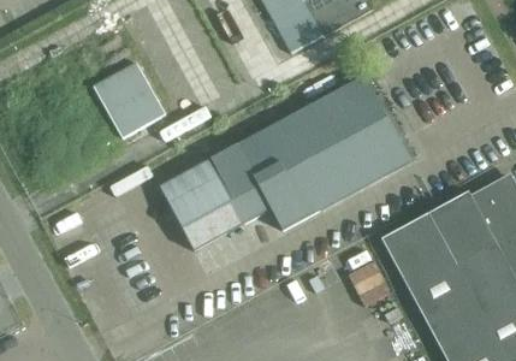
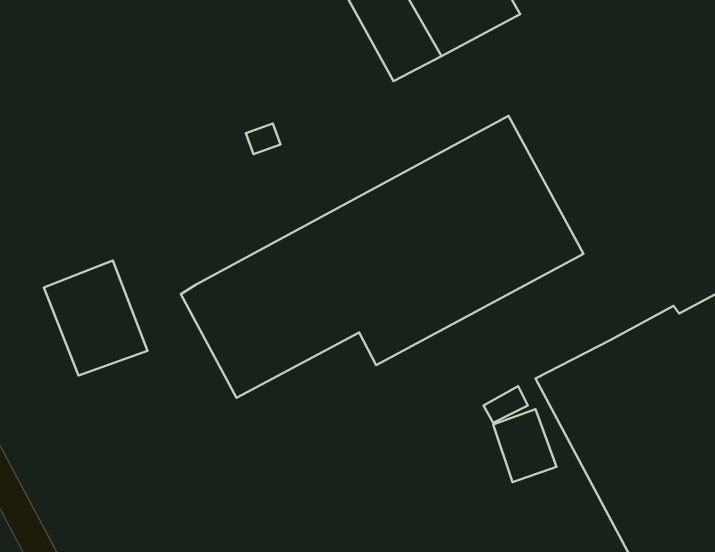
building: [102,58,167,130] -> [44,261,147,376]

